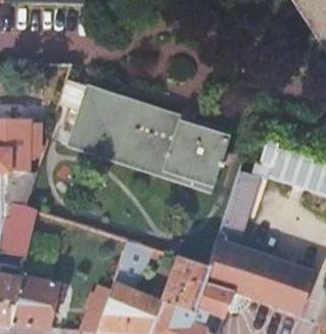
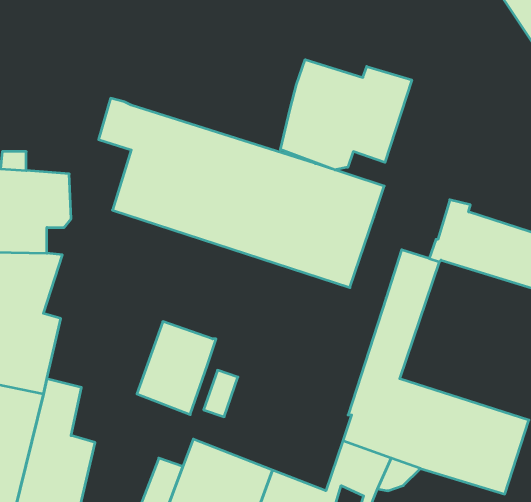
building: none -> [280,60,412,170]
building: [163,257,210,312] -> [137,322,216,415]

